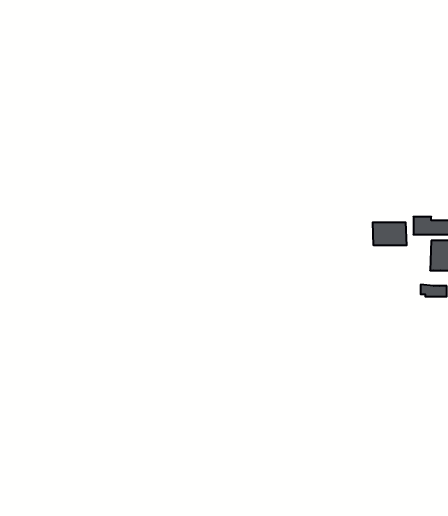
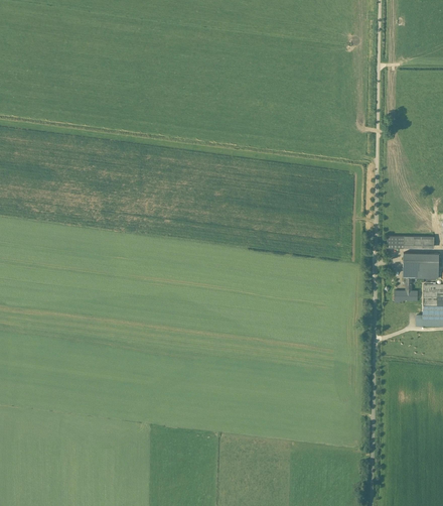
building: [373,222,407,245] -> none

